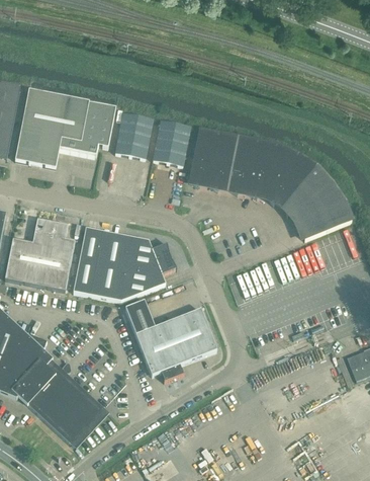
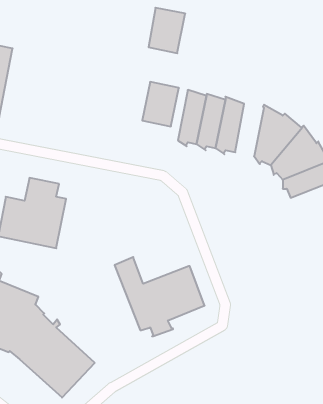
building: [15,89,115,168] -> none
building: [115,112,153,159] -> [149,8,185,53]
building: [248,140,277,198] -> none
building: [73,228,177,301] -> none

